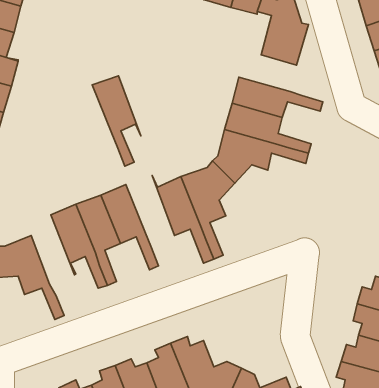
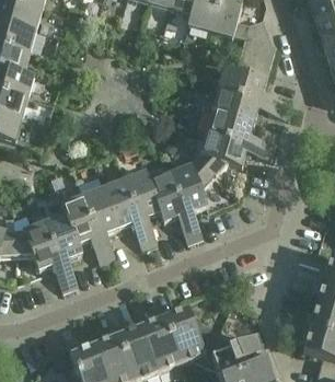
building: none -> [217,66,289,108]
building: [92,76,141,166] -> [123,170,163,245]
building: none -> [44,202,80,287]

